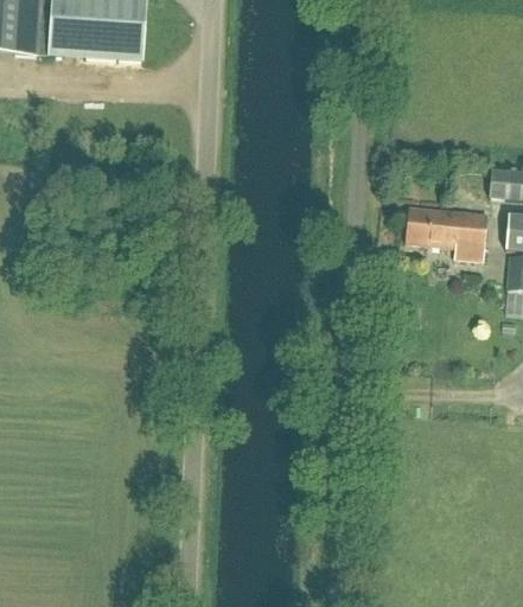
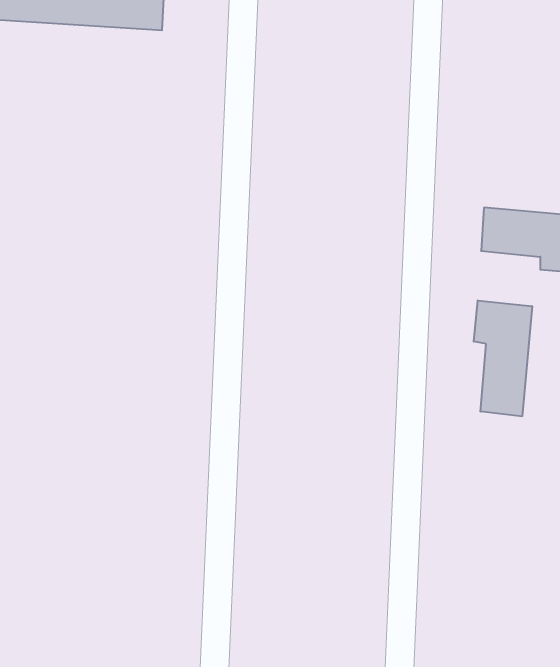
building: none -> [474,300,532,416]

